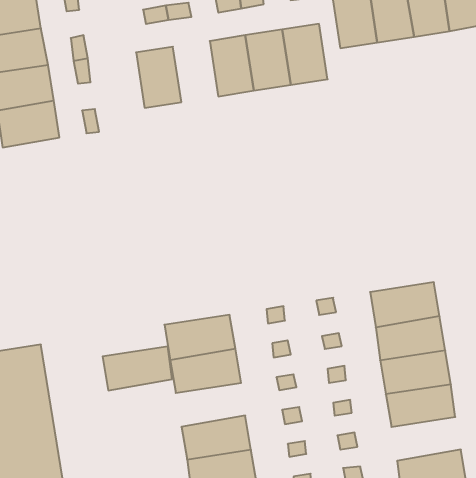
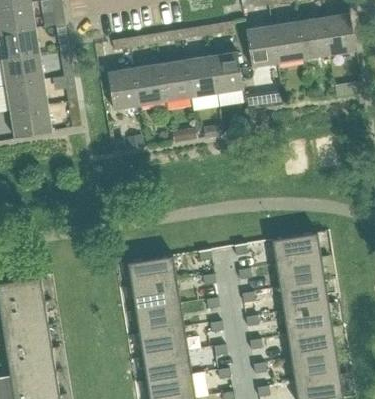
building: none -> [133,62,165,105]
building: [103,346,172,390] -> [135,303,184,334]
building: none -> [287,327,336,358]

